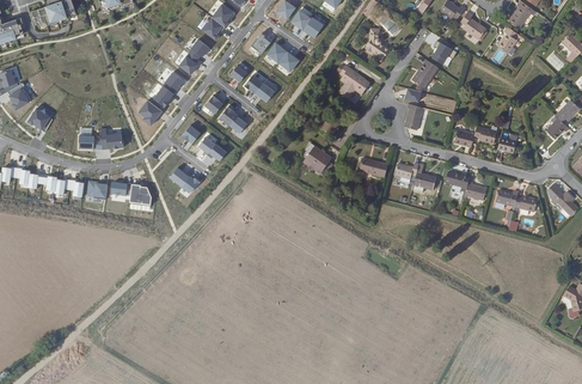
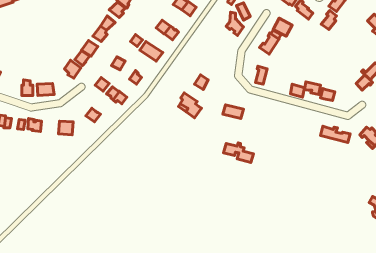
building: [338,66,369,100] -> none
building: [396,163,437,190] -> [223,143,253,162]
building: [446,172,488,201] -> none

